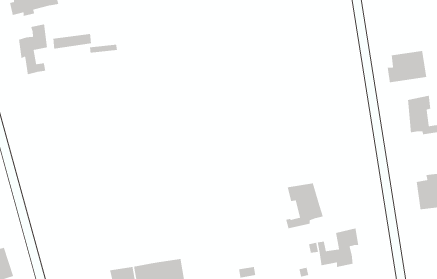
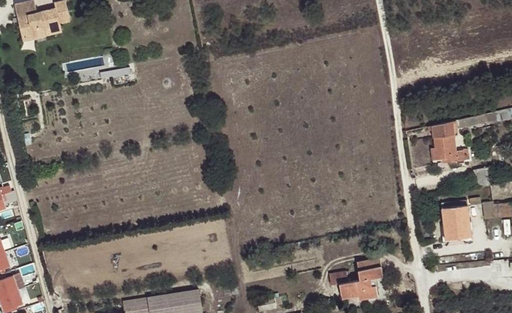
building: [18,23,48,75] -> none
building: [387,50,427,83] -> none
building: [285,183,324,229] -> none

